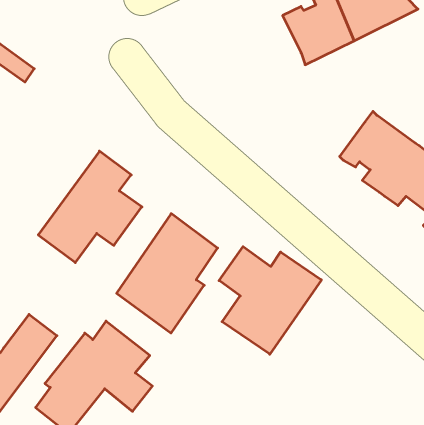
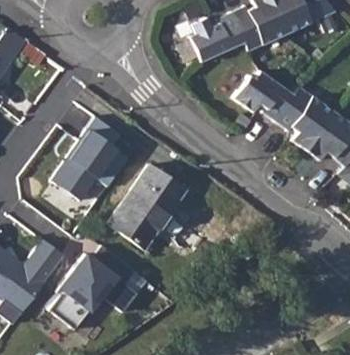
building: none -> [193,14,248,63]
building: none -> [234,70,296,120]
building: [219,247,321,354] -> none

